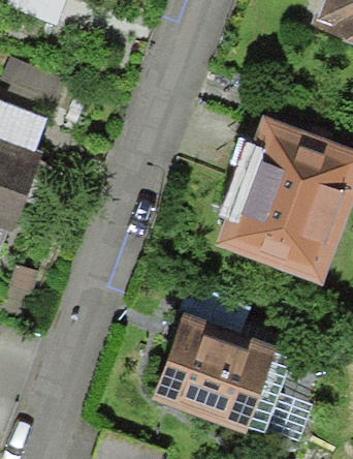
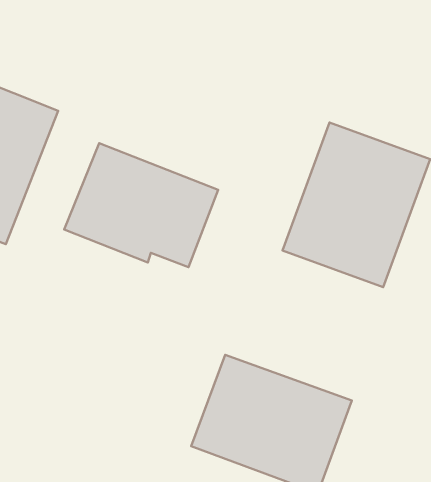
building: none -> [64,143,218,267]

